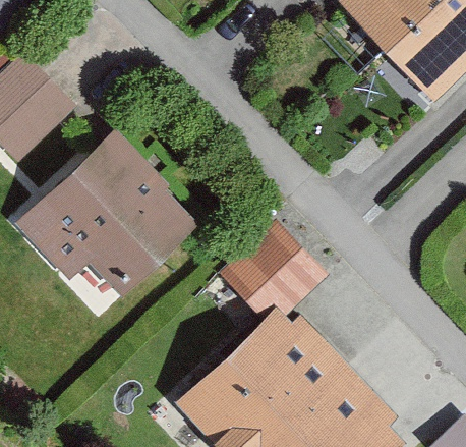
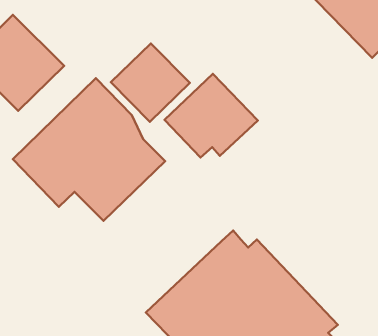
building: none -> [111,43,190,122]
building: [219,222,327,319] -> [164,74,258,158]

